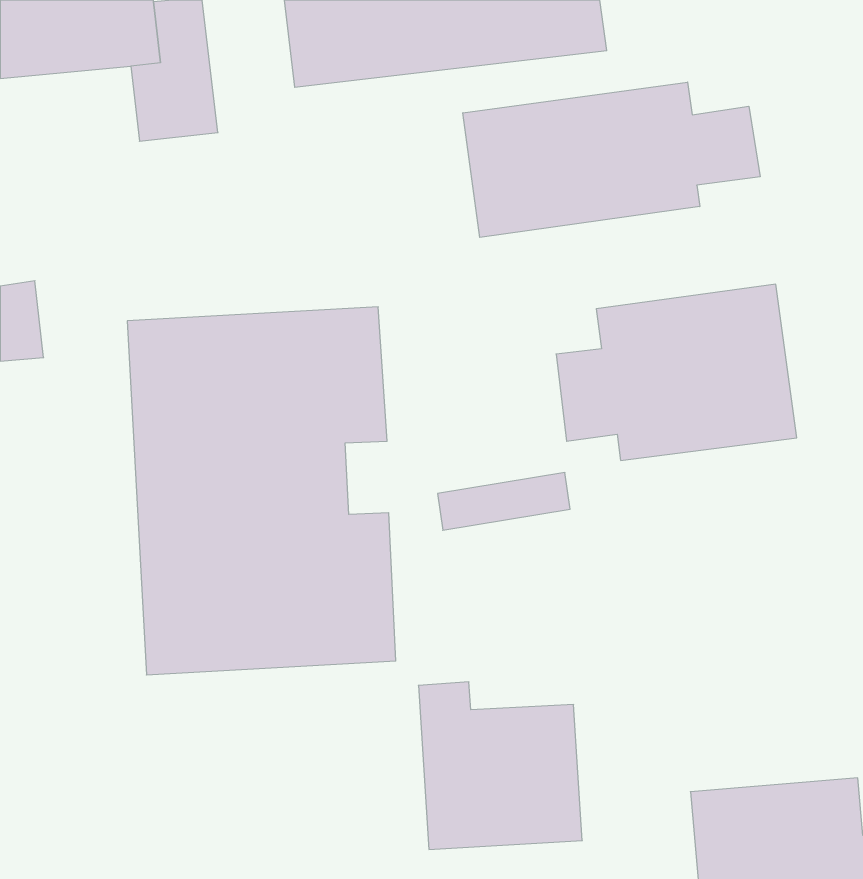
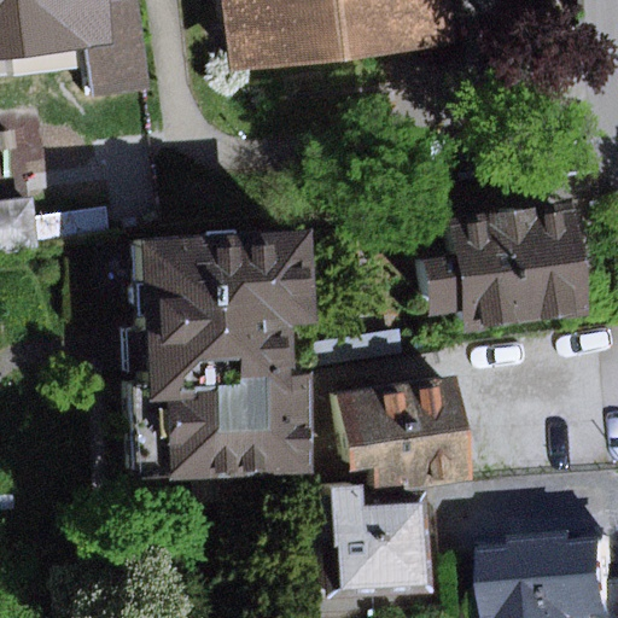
building: [463,82,760,237] -> none
building: none -> [326,378,464,489]

